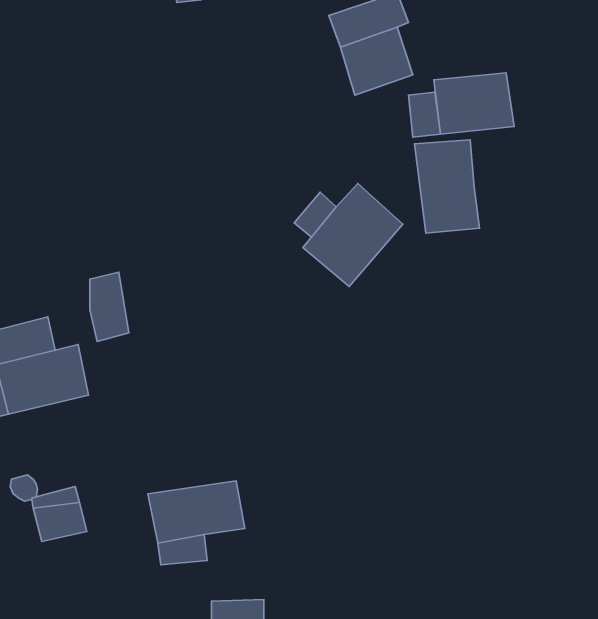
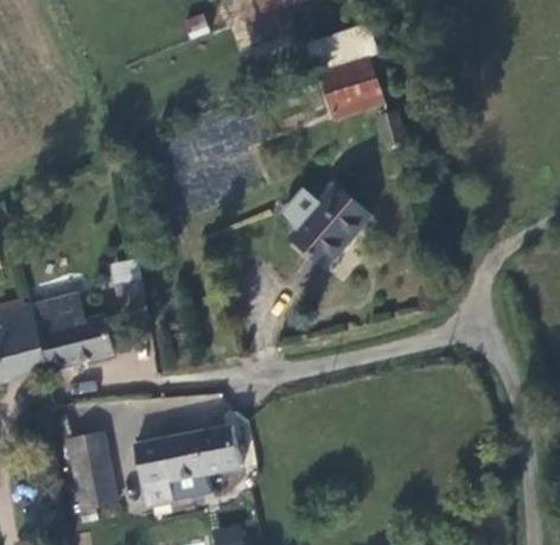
building: [434,73,514,134] -> none
building: [415,140,480,233] -> none
building: none -> [132,438,172,505]
building: none -> [75,469,117,509]

